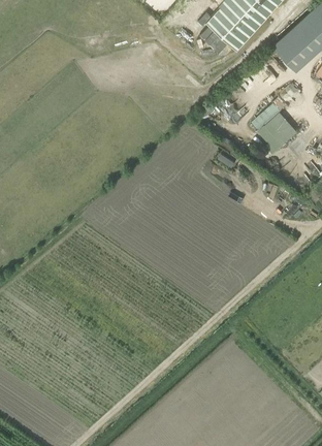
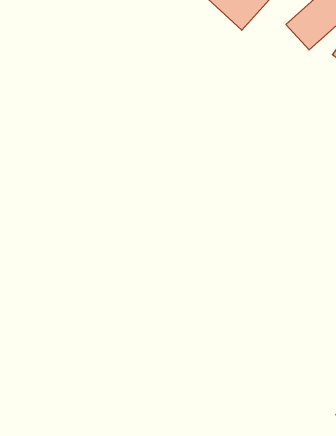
building: [251,98,297,155] -> none

